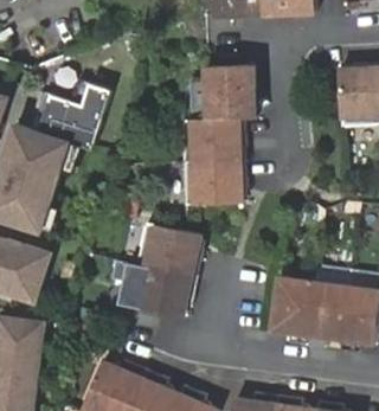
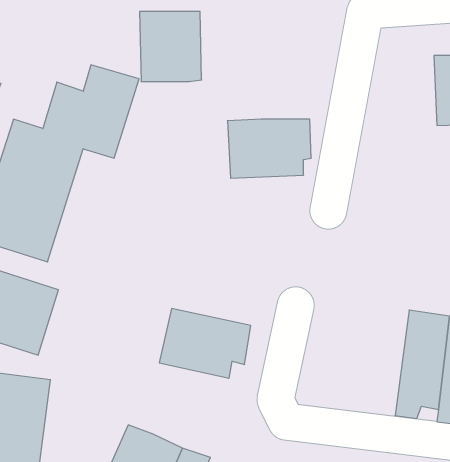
building: [204,69,251,122] -> [140,12,202,81]
building: [181,163,244,207] -> none
building: [136,224,203,280] -> none
building: [271,281,315,348] -> none

